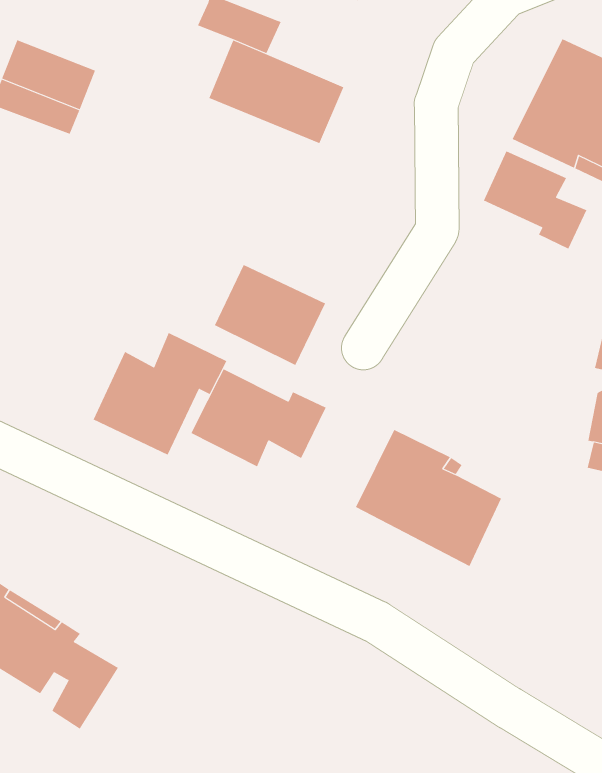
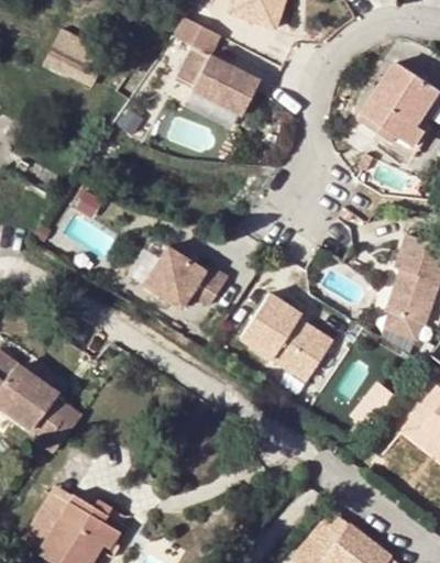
building: [483,150,587,249] -> none
building: [214,264,326,366] -> none
building: [93,332,227,456] -> none

